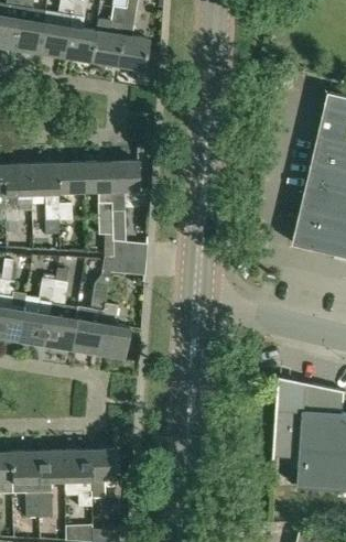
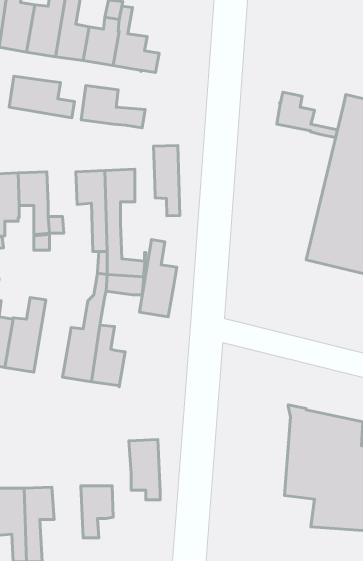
building: none -> [9,76,74,118]
building: none -> [81,86,145,128]
building: none -> [277,92,338,138]
building: none -> [153,146,180,216]
building: [56,163,84,193] -> none
building: [44,280,78,350] -> [139,240,177,317]
building: [61,449,89,505] -> [129,440,160,500]

